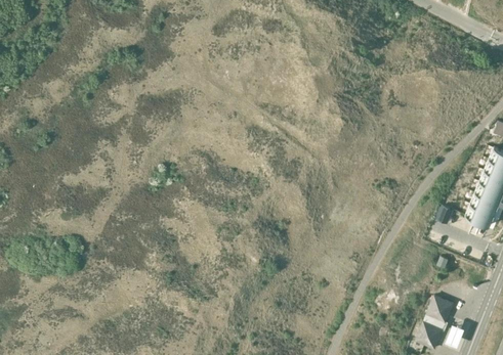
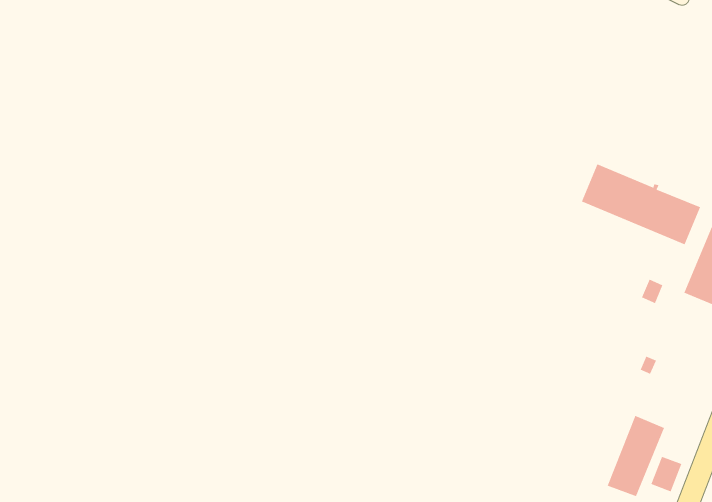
building: none -> [581,164,701,245]

